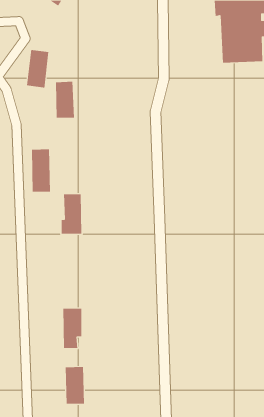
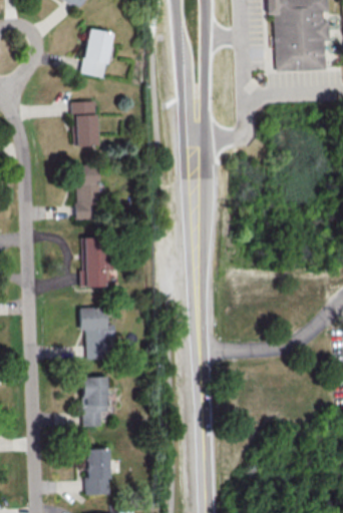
building: [26,49,49,88] -> [81,29,109,76]
building: [31,149,51,192] -> [75,165,99,218]
building: none -> [79,307,115,358]

